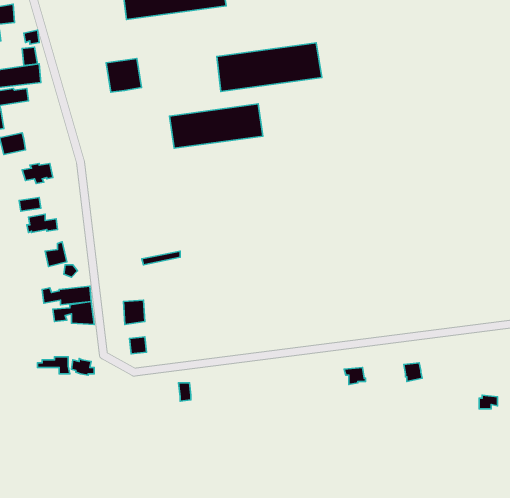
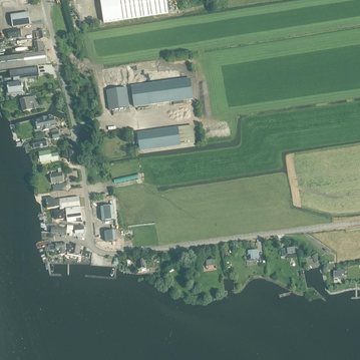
building: [217,43,322,92] -> none
building: [106,58,141,92] -> [105,86,128,108]
building: none -> [136,125,179,148]

